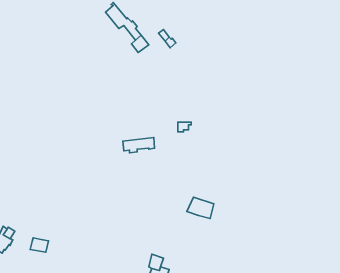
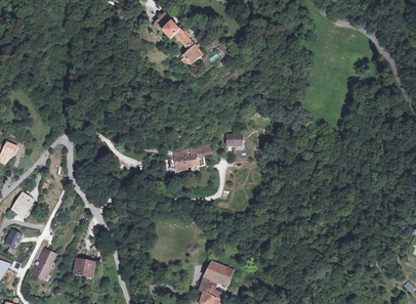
building: [187,197,214,218] -> [203,263,232,286]

